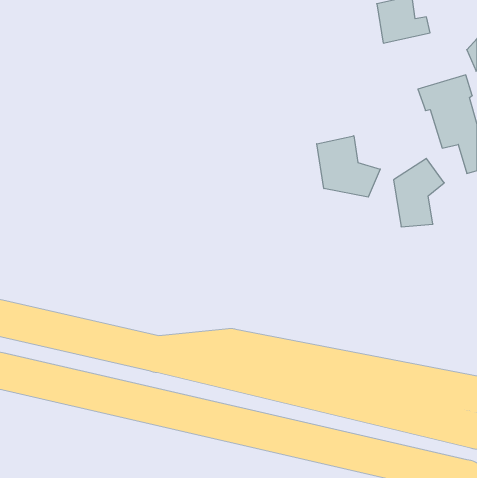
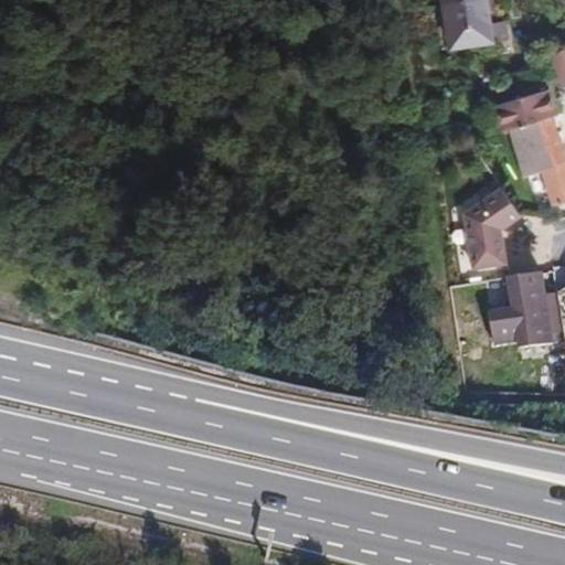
building: [317,136,380,197] -> none
building: none -> [491,271,554,347]

